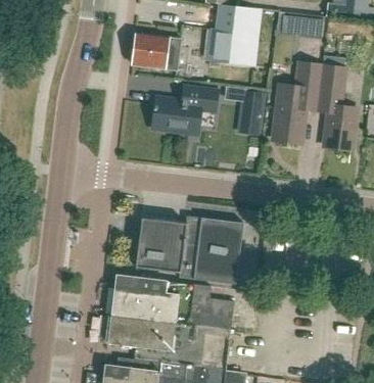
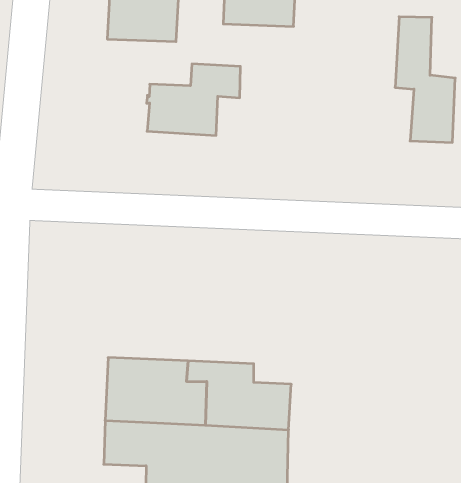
building: [274,62,323,145] -> none
building: [237,89,266,135] -> none
building: [135,217,243,283] -> none

